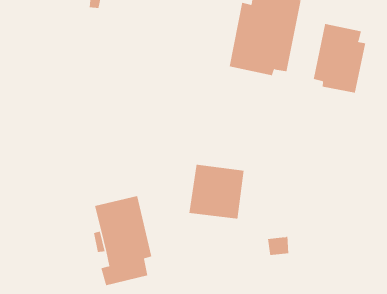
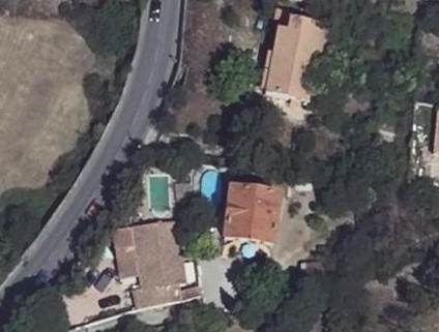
building: [313,23,366,93] -> none

